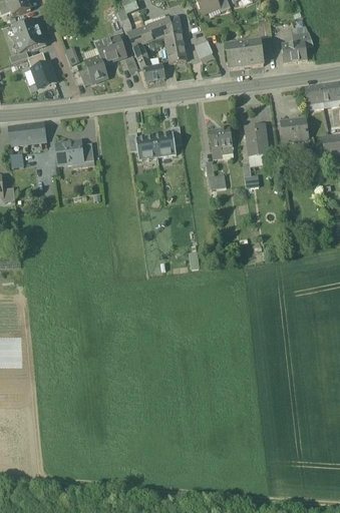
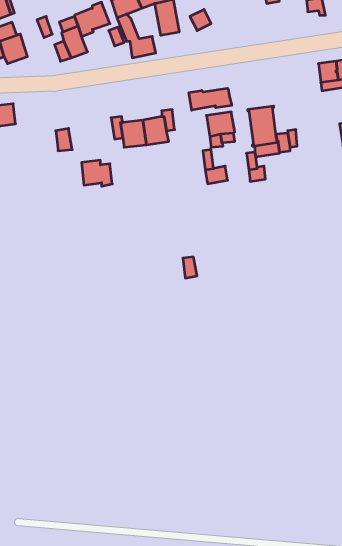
building: [226,39,263,67] -> none
building: [282,41,307,61] -> none
building: none -> [189,88,232,110]
building: [281,117,308,140] -> none
building: [56,140,82,162] -> [82,160,112,186]

